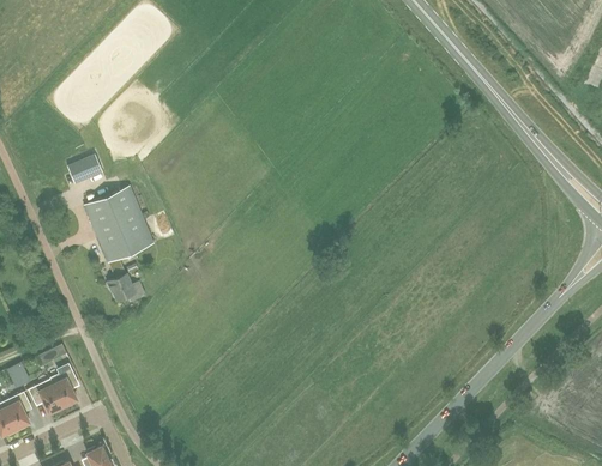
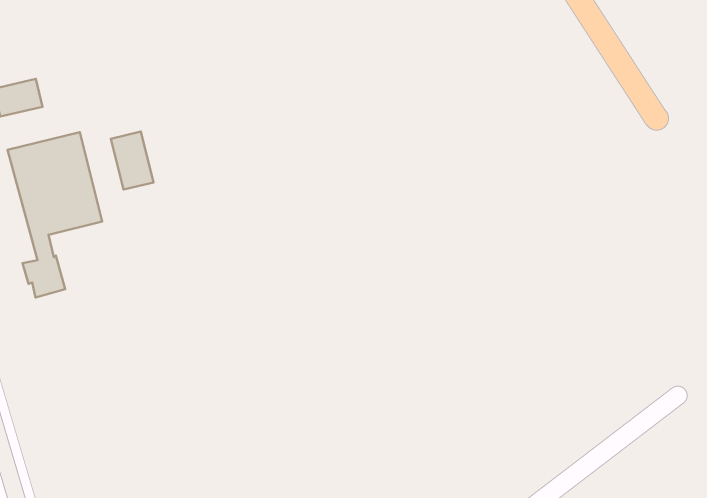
building: none -> [111,132,153,190]

